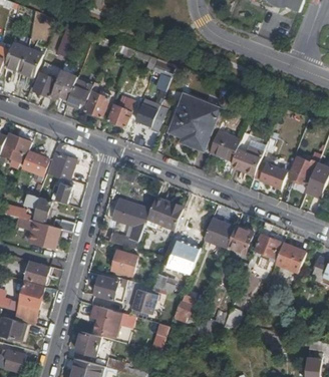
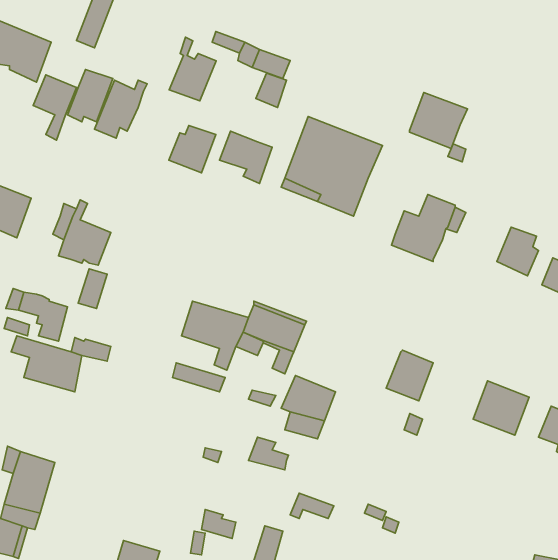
building: [83,81,109,116] -> [169,37,216,101]
building: [209,129,241,160] -> [409,92,467,149]
building: [22,150,45,181] -> none
building: [253,162,282,185] -> none
building: [203,217,235,249] -> none
building: [254,221,279,260] -> none
building: [111,249,137,275] -> none
building: [24,261,48,284] -> none
building: [94,274,118,299] -> none
building: [130,290,156,314] -> none
building: [98,306,121,336] -> none

